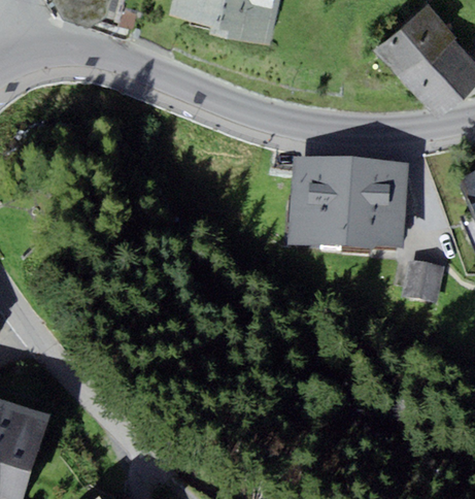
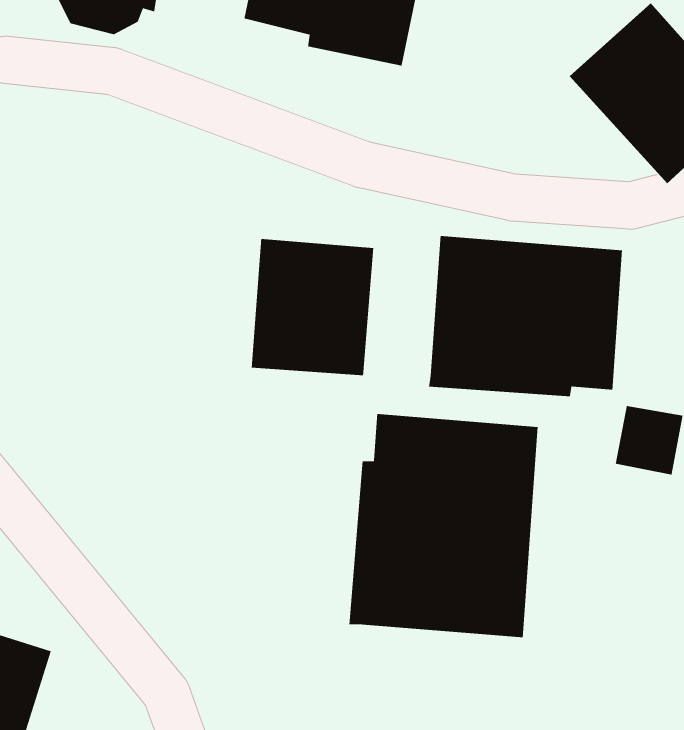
building: none -> [251,238,374,376]
building: none -> [348,413,538,638]

